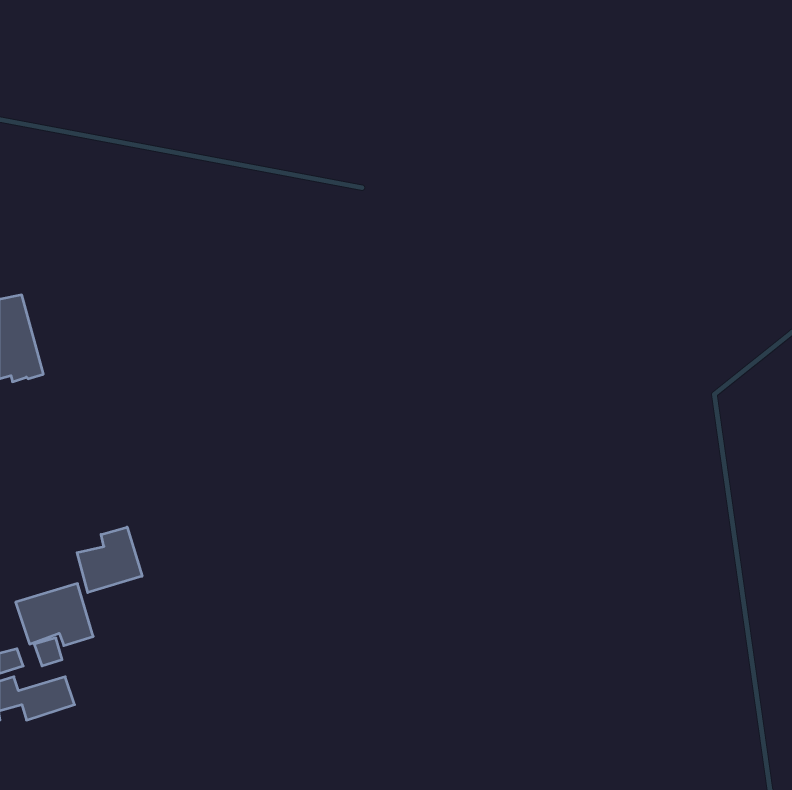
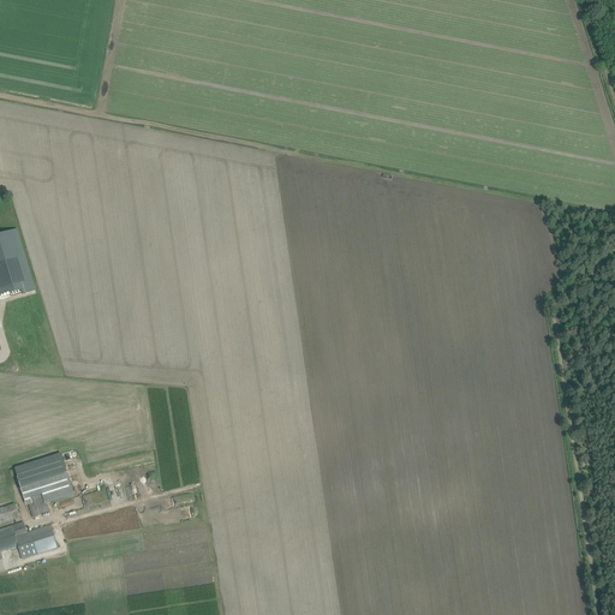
building: [77,527,142,593] -> none

